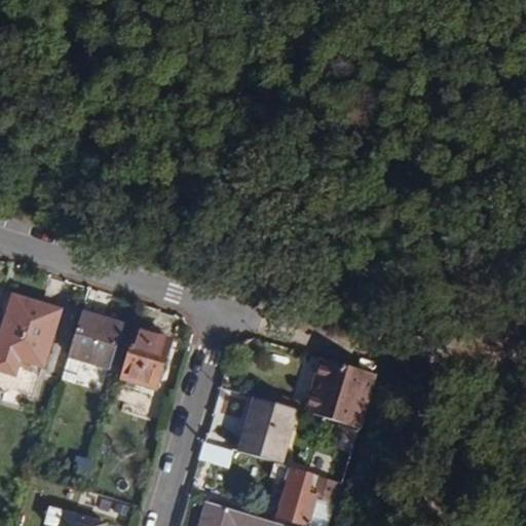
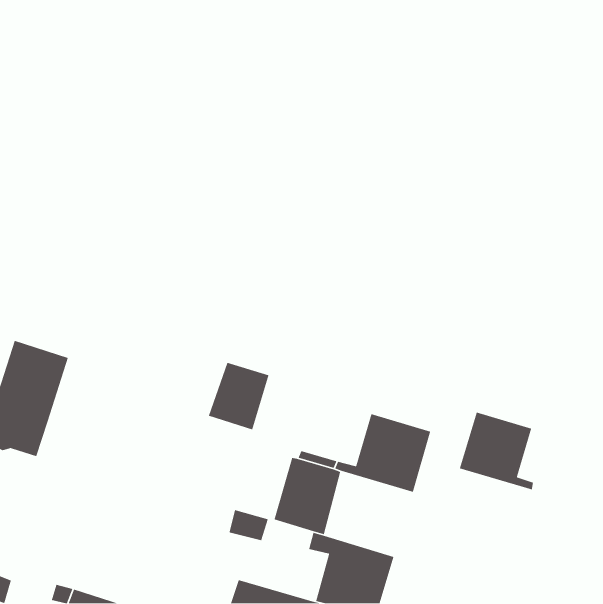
building: [67,311,120,369] -> none
building: [118,330,172,389] -> [208,362,269,430]
building: none -> [459,411,534,490]

